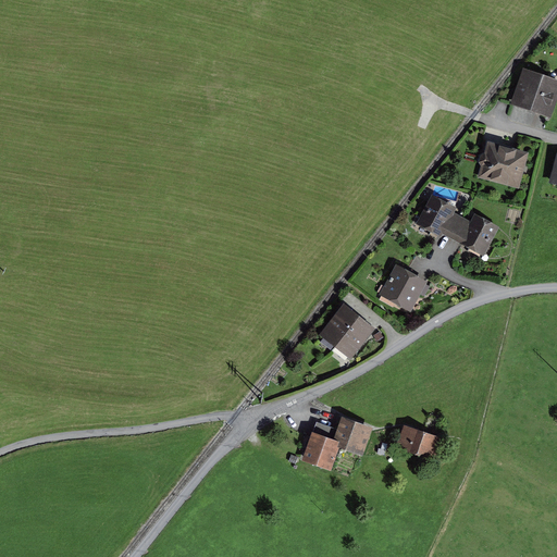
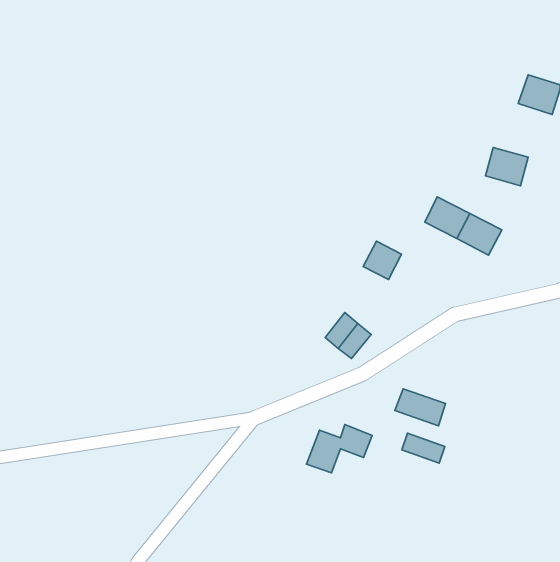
building: [383,270,421,308] -> [363,241,402,280]
building: none -> [395,389,446,426]

